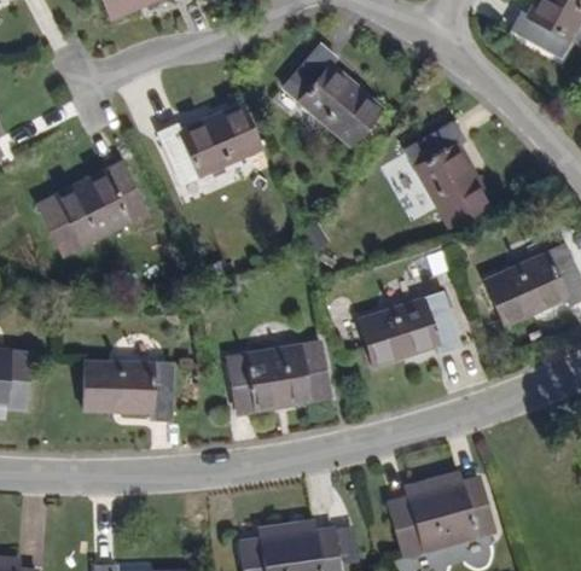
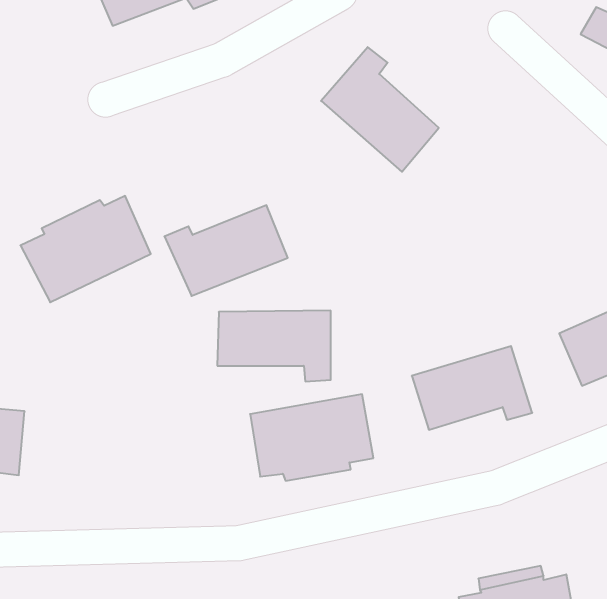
building: [153,105,258,182] -> [164,205,288,296]
building: [407,116,490,225] -> none
building: [83,360,180,420] -> [217,311,331,381]

